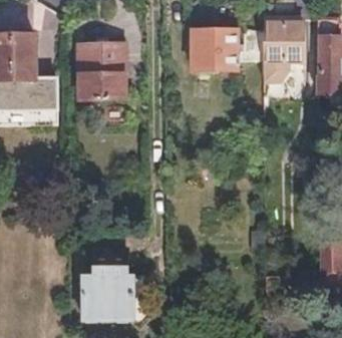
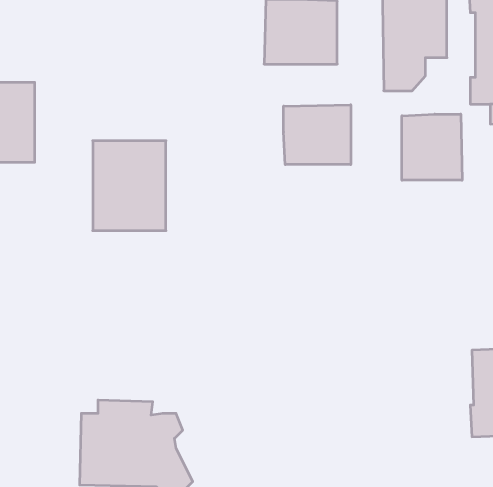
building: [79,41,123,95] -> [93,141,166,231]
building: none -> [284,105,351,165]
building: none -> [402,114,462,180]

